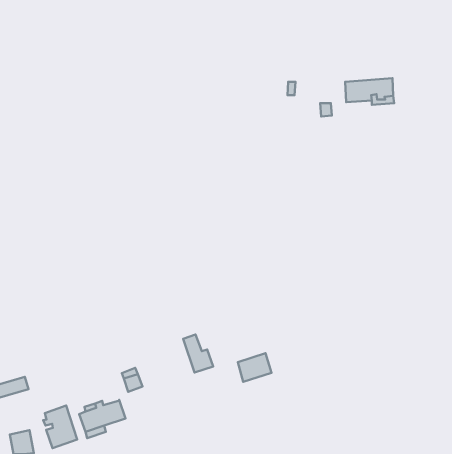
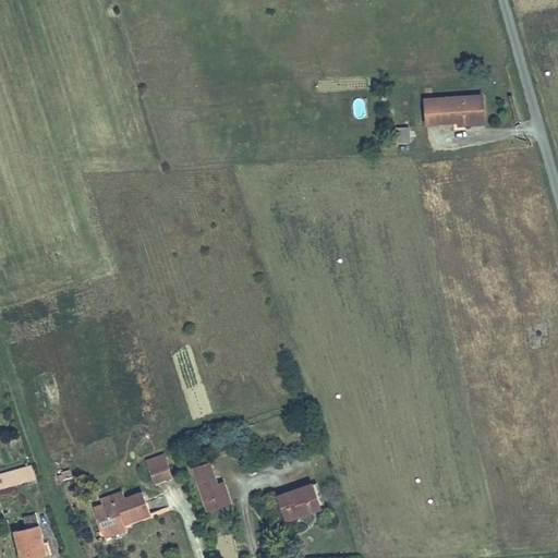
building: [183,334,213,373] -> [191,464,228,511]
building: [238,353,272,382] -> [278,487,319,522]
building: [43,406,77,448] -> none

